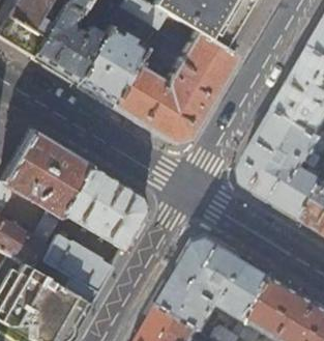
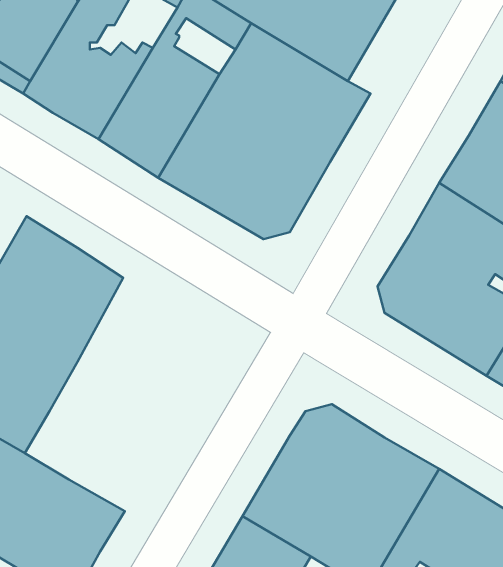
building: [62,165,144,249] -> none
building: [41,234,112,303] -> none

